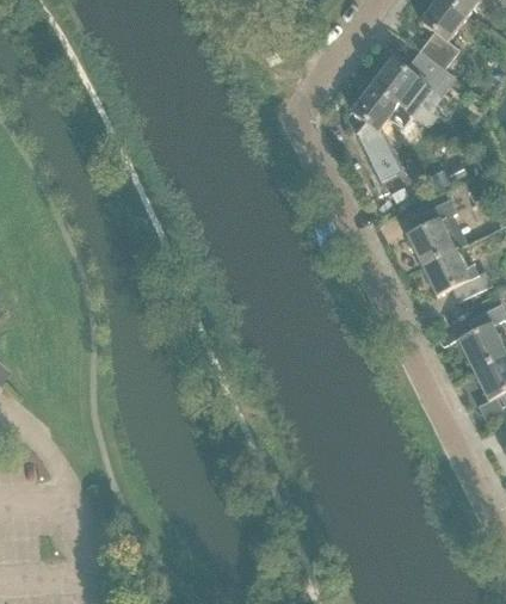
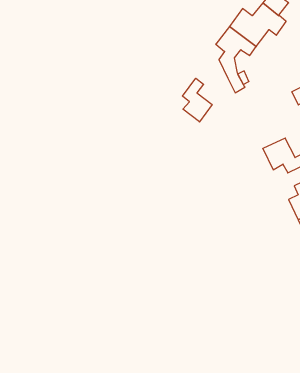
building: none -> [182,78,212,122]
building: [407,196,457,263] -> none

